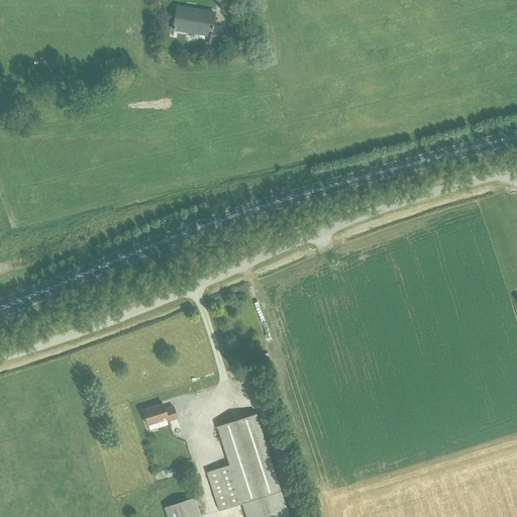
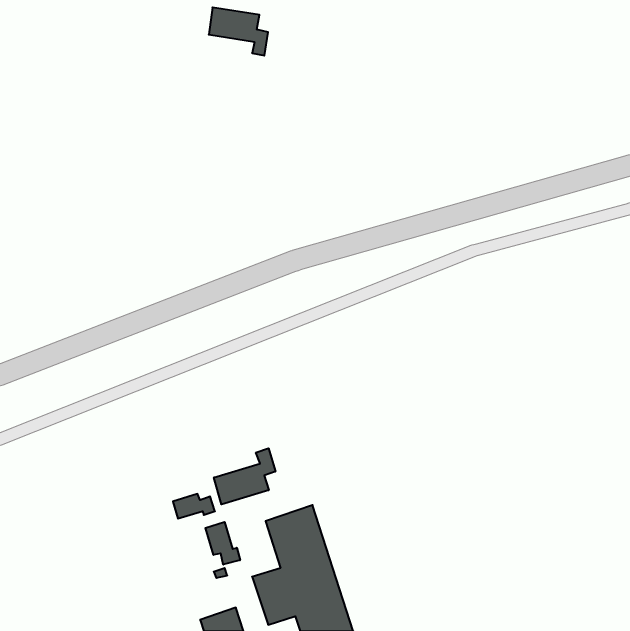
building: none -> [214,448,275,504]
building: none -> [205,522,240,565]

